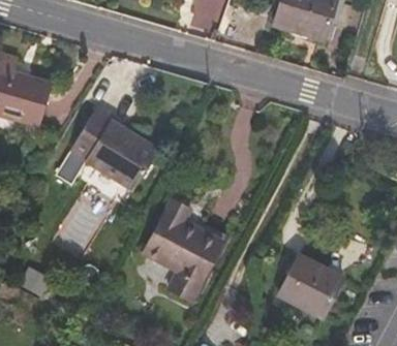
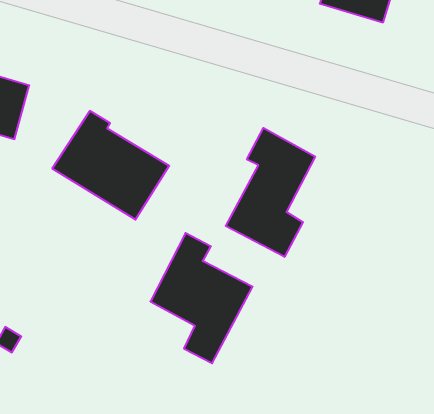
building: none -> [226,128,315,257]
building: [280,255,342,317] -> none

